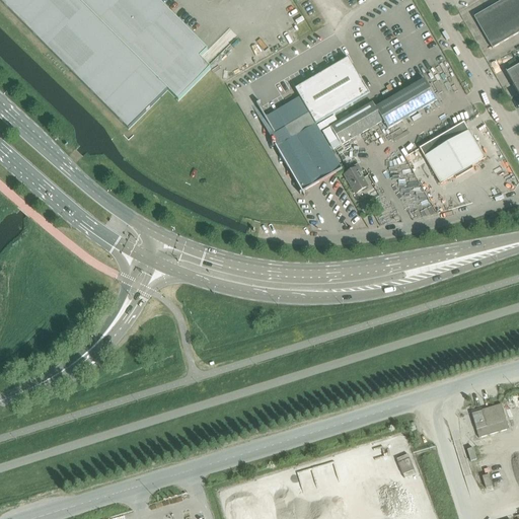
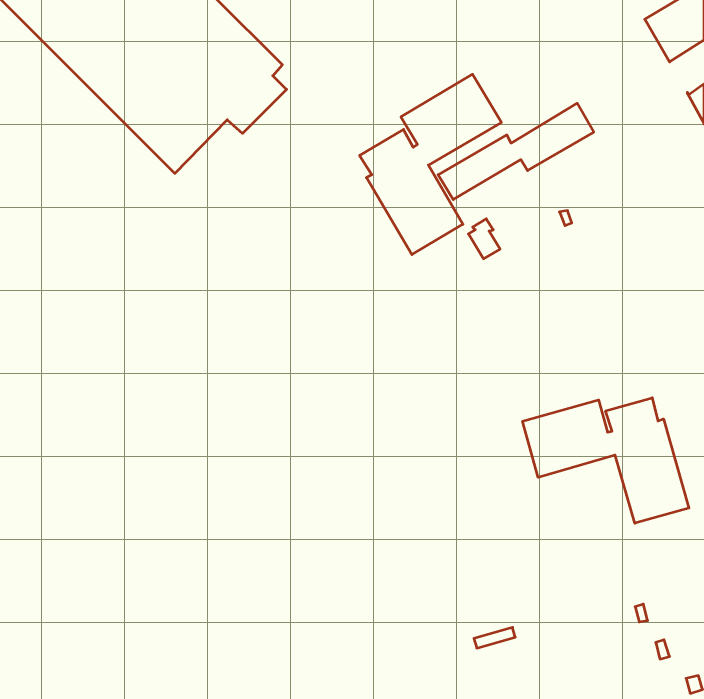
building: [420,120,485,181] -> none
building: none -> [523,398,689,523]
building: [471,401,509,435] -> none

